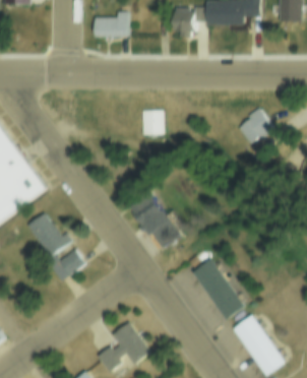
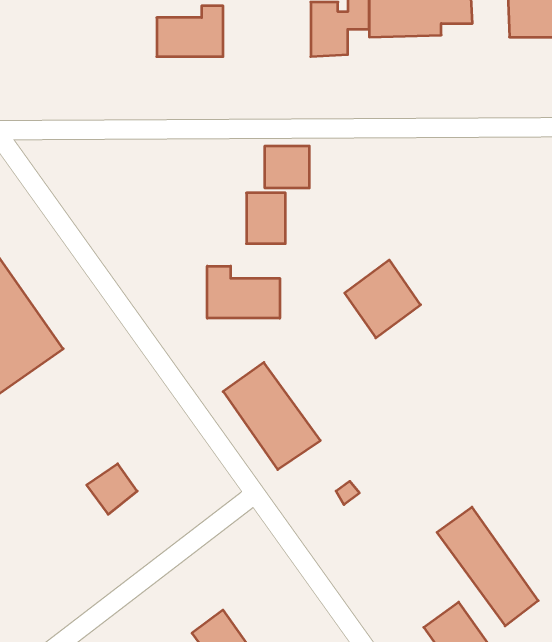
building: none -> [265,146,309,188]
building: [235,106,274,146] -> [345,260,421,338]
building: none -> [207,266,280,318]
building: [26,212,74,259] -> none
building: [194,264,247,326] -> [437,507,538,626]

